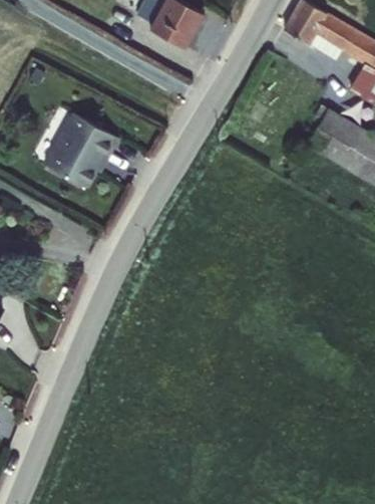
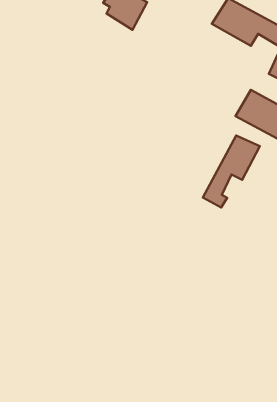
building: [42,109,120,186] -> none
building: none -> [203,135,260,208]

